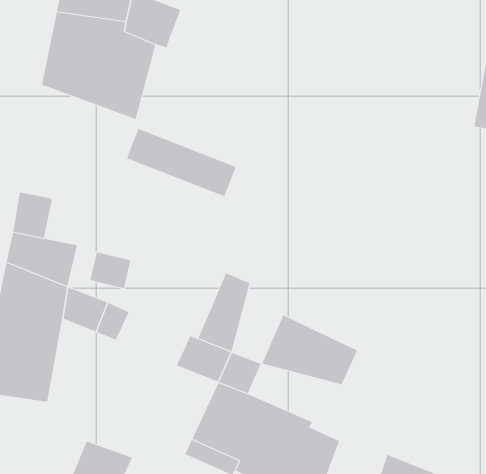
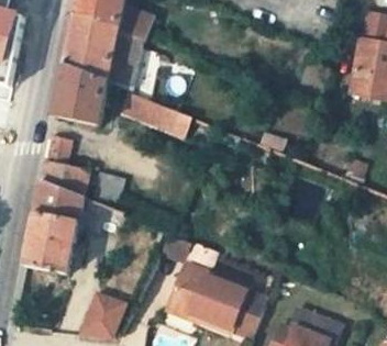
building: none -> [54,64,109,125]
building: [197,273,250,352] -> none
building: [261,314,358,385] -> none

